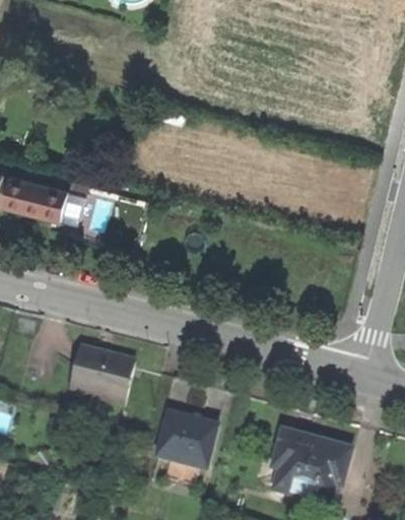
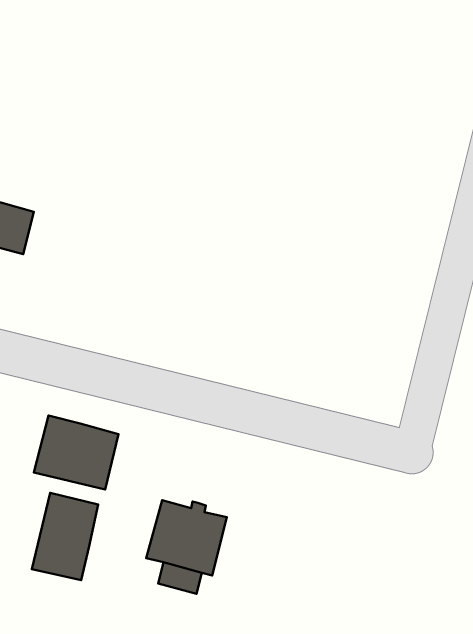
building: none -> [32,493,98,580]
building: [272,429,348,501] -> none

